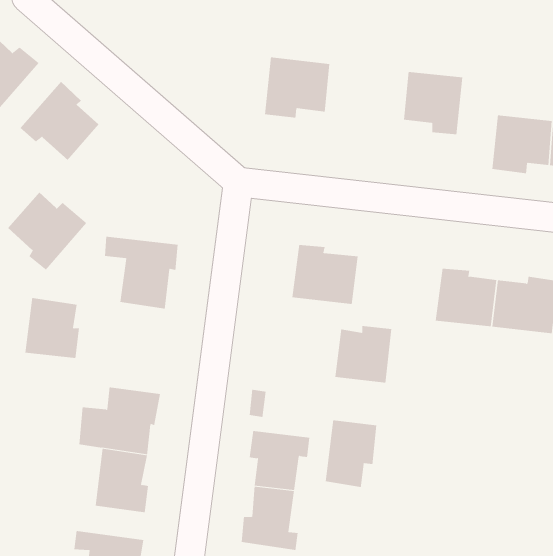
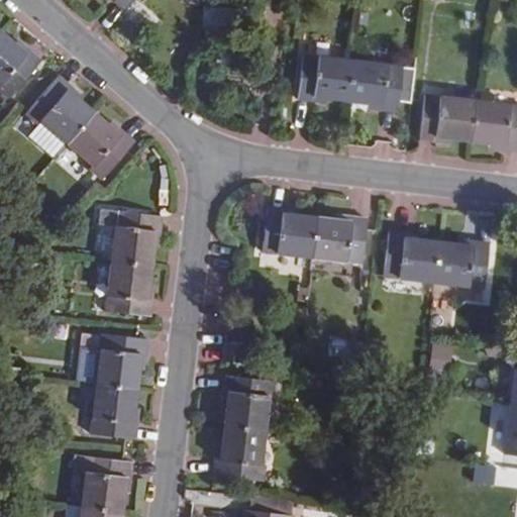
building: [264,57,330,118] -> [303,57,359,109]
building: [7,191,87,270] -> [68,108,136,176]
building: [24,297,80,359] -> [106,261,153,313]
building: [335,325,392,383] -> [312,218,361,268]
building: [325,420,377,488] -> none

